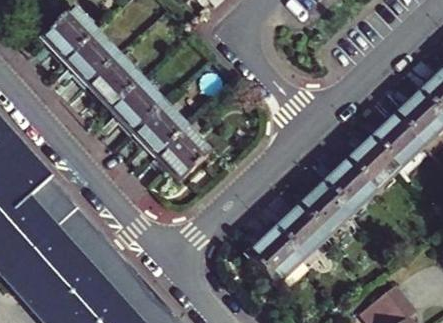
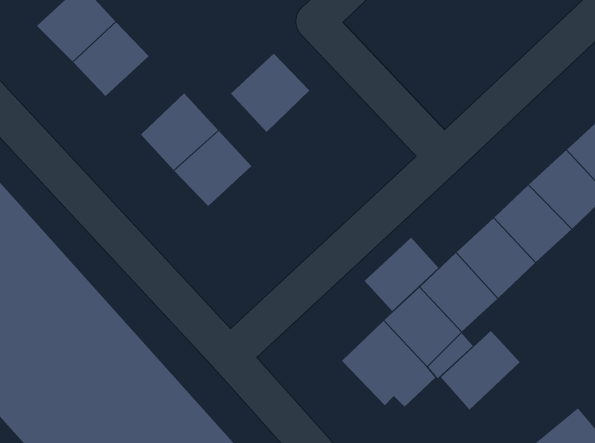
building: [87,55,139,107] -> none
building: [155,128,208,181] -> [230,53,310,133]
building: none -> [364,237,439,312]
building: none -> [440,330,521,410]

